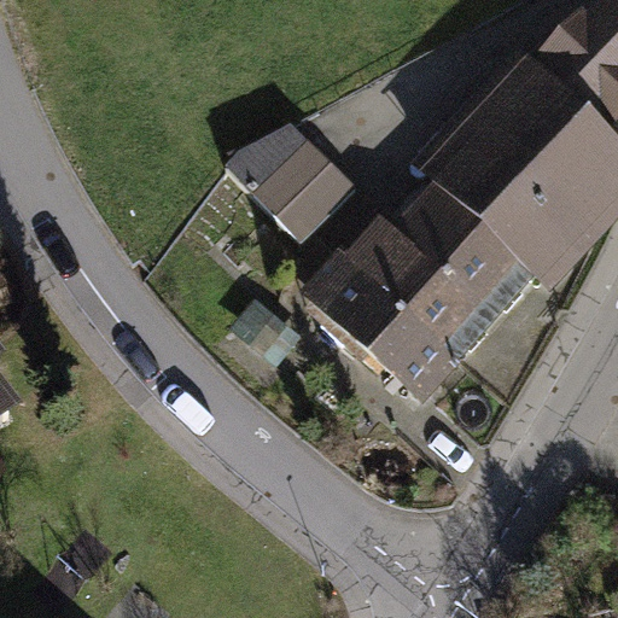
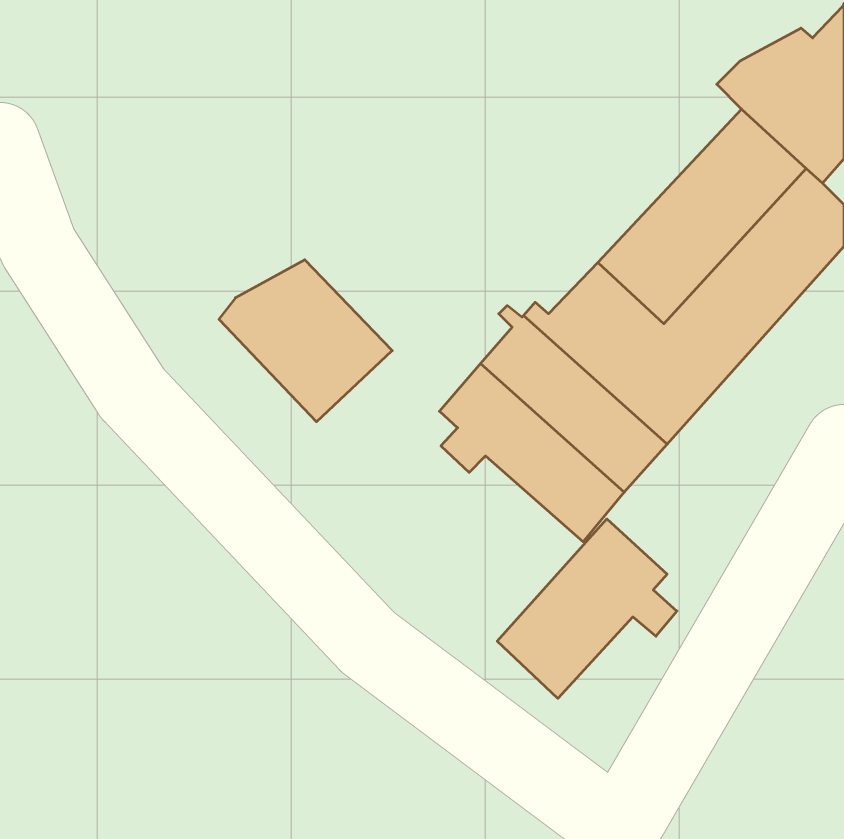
building: [228,124,355,243] -> [219,260,392,422]
building: none -> [497,519,677,698]

